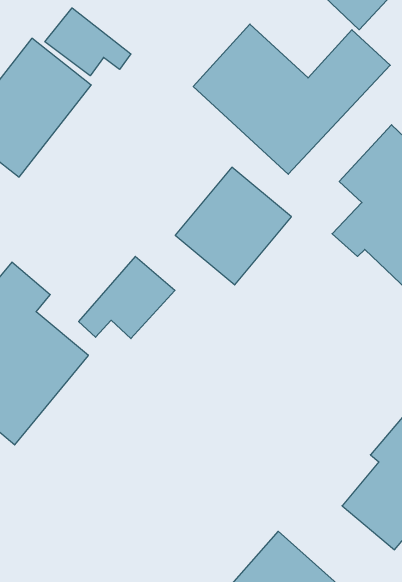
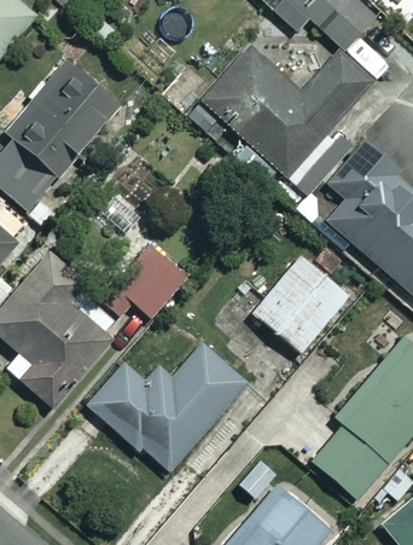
building: [45,8,131,76] -> none
building: [175,167,291,285] -> [252,254,351,354]
building: none -> [88,344,244,472]

